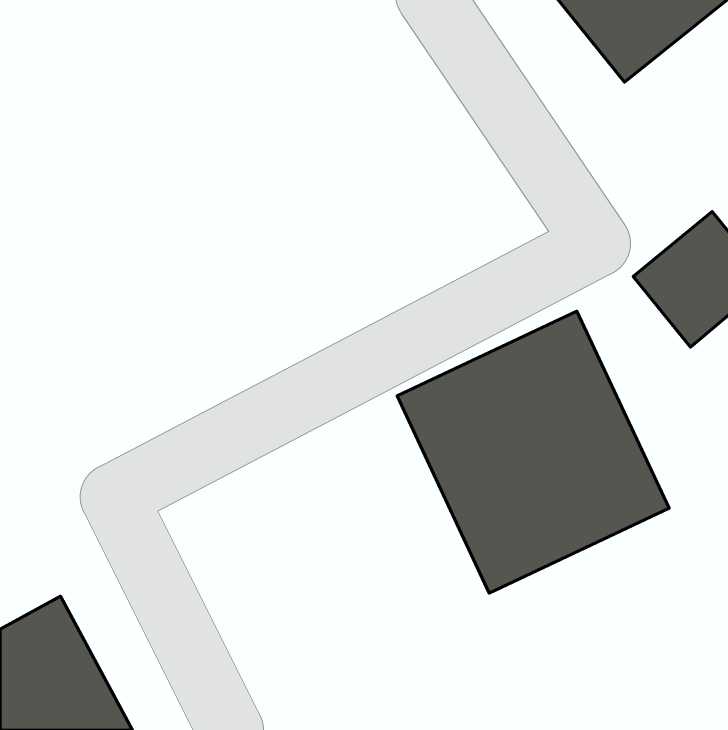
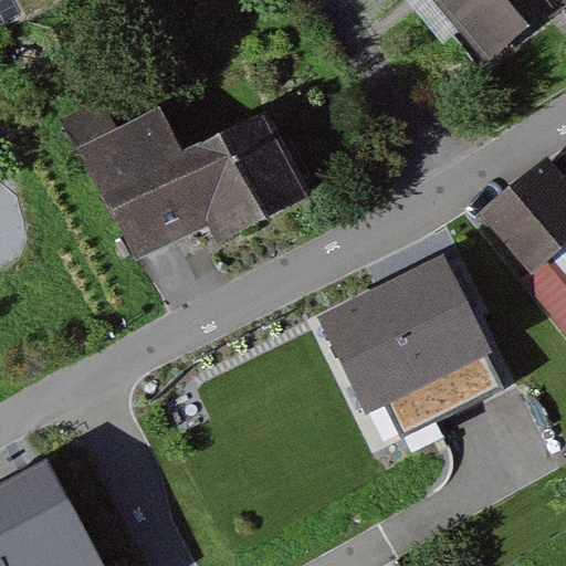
building: none -> [64,96,277,265]

